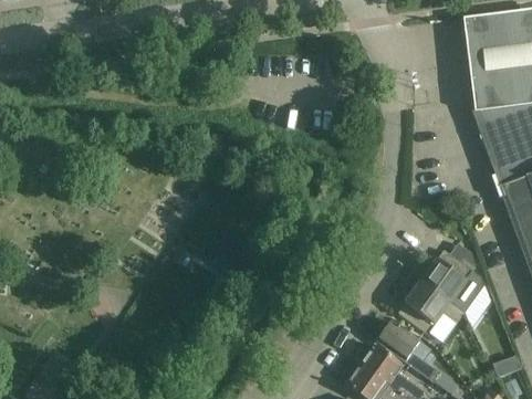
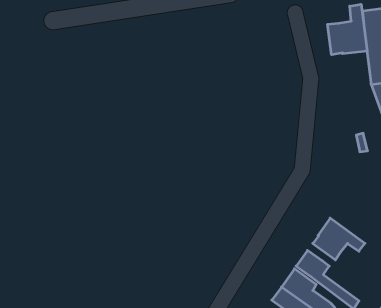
building: none -> [328,4,367,55]
building: [421,242,477,312] -> none

